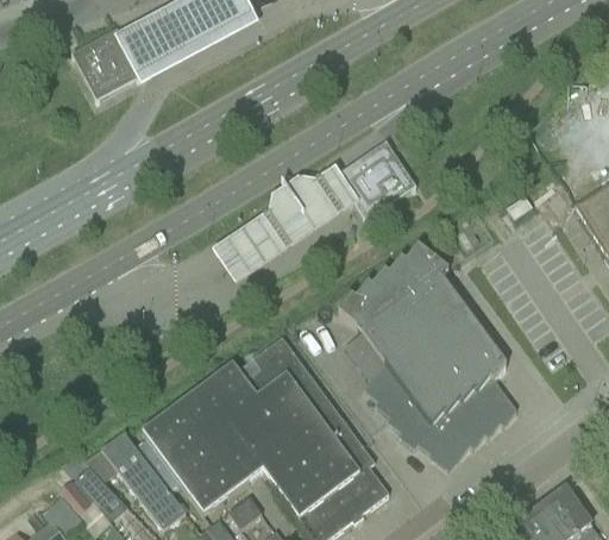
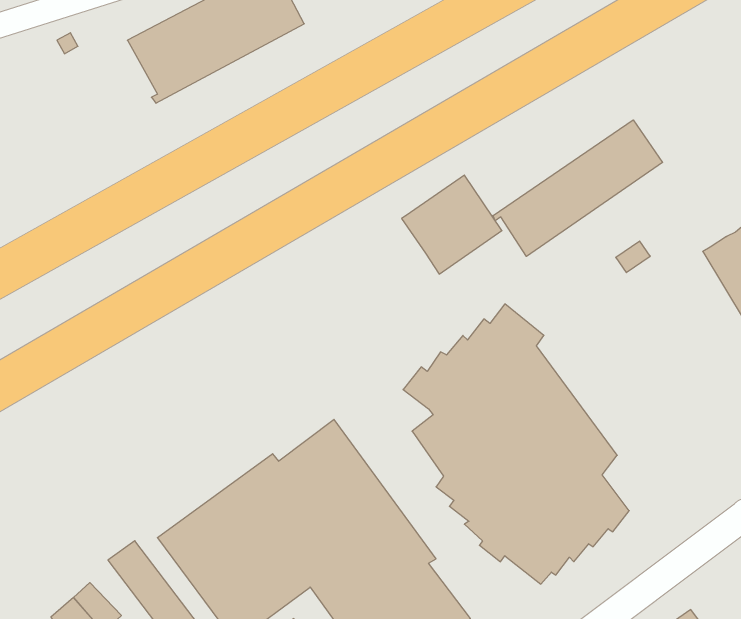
building: [73,30,142,100] -> none
building: none -> [493,120,663,256]
building: [211,165,354,284] -> none

